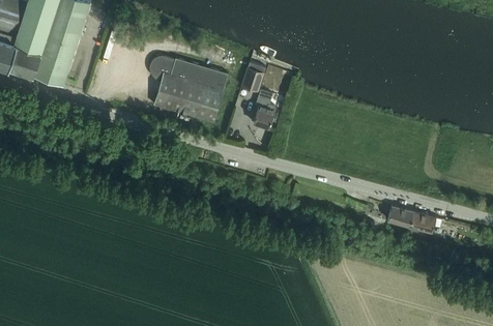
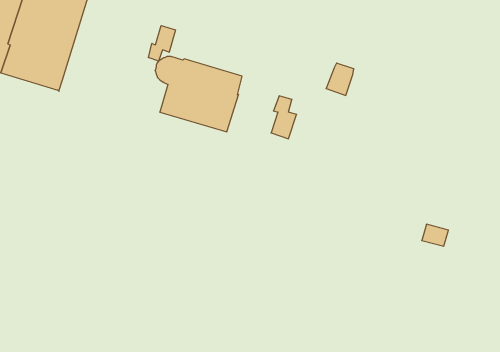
building: none -> [148,26,176,61]
building: [240,62,265,91] -> [326,63,354,95]
building: [407,210,441,231] -> none

